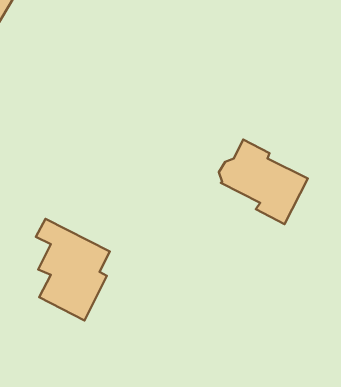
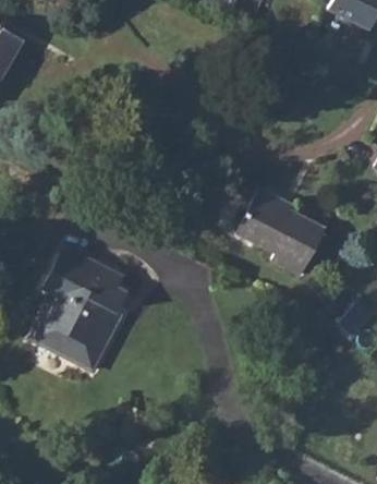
building: none -> [53,256,125,303]

